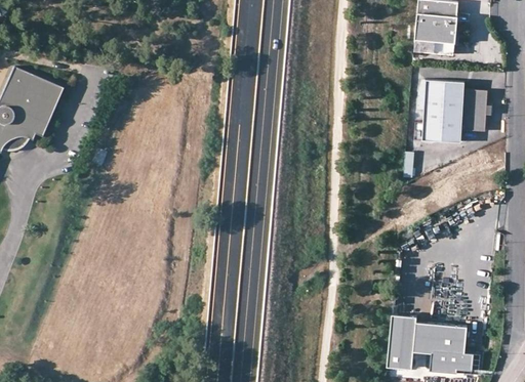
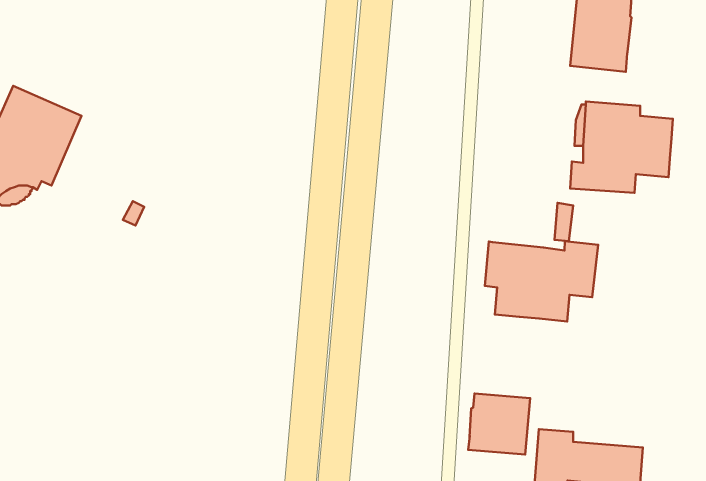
building: none -> [485,241,598,322]
building: none -> [468,394,530,454]

